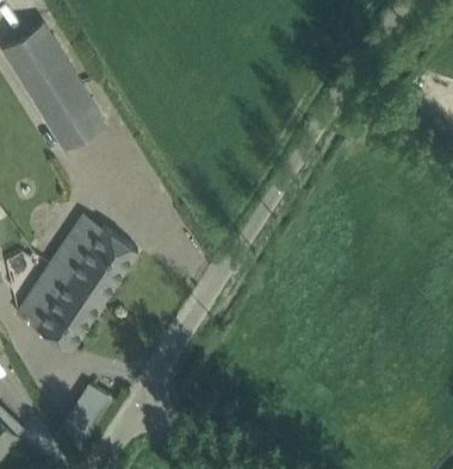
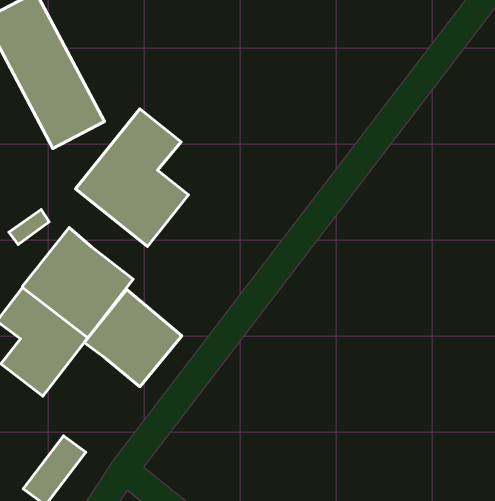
building: none -> [75,109,188,246]
building: none -> [84,290,182,387]

